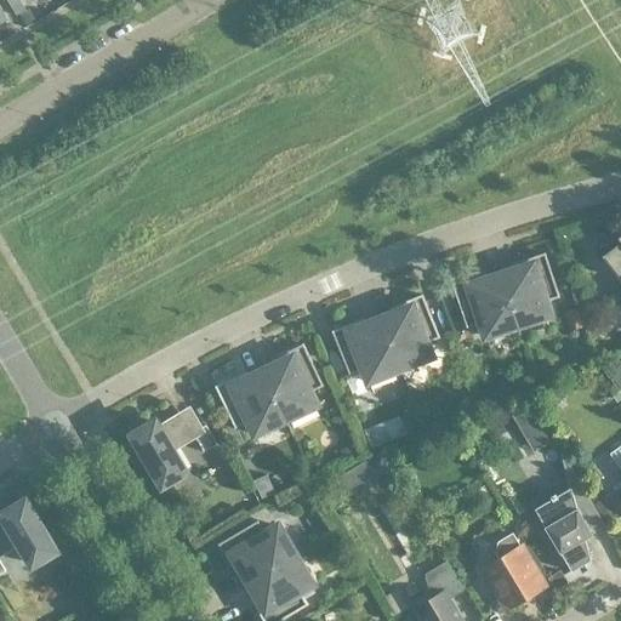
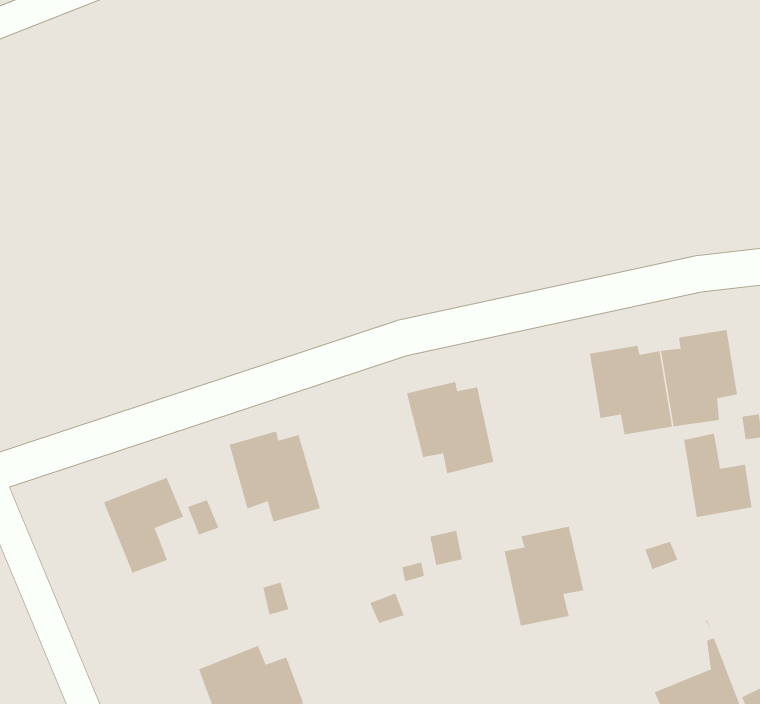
building: [380,295,439,369] -> [504,526,584,626]
building: none -> [683,433,752,518]
building: [262,343,323,420] -> none

